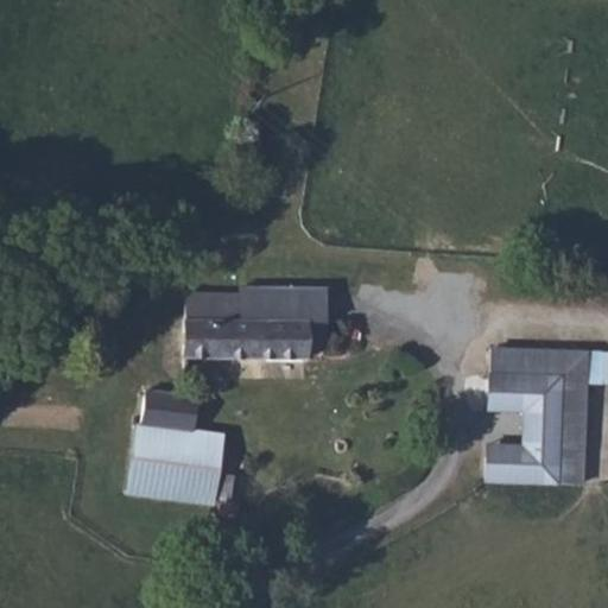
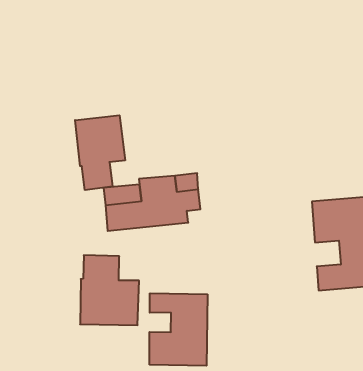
building: none -> [75,115,125,190]
building: none -> [150,293,207,366]

